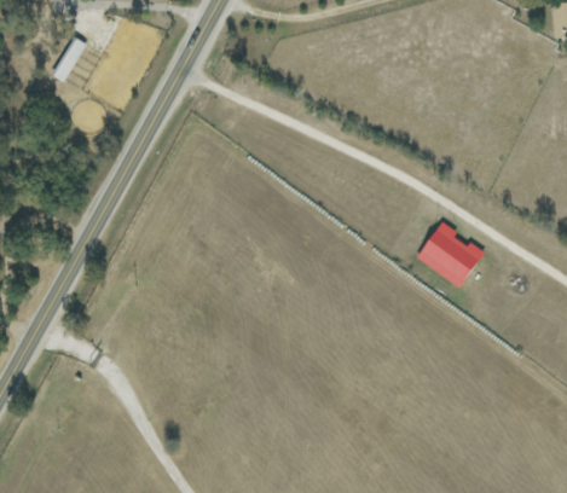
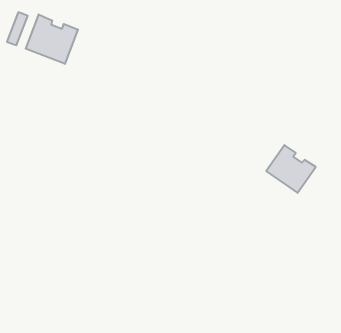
building: none -> [26,14,78,64]

